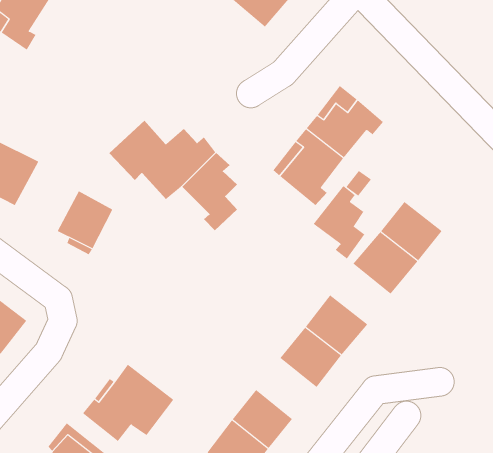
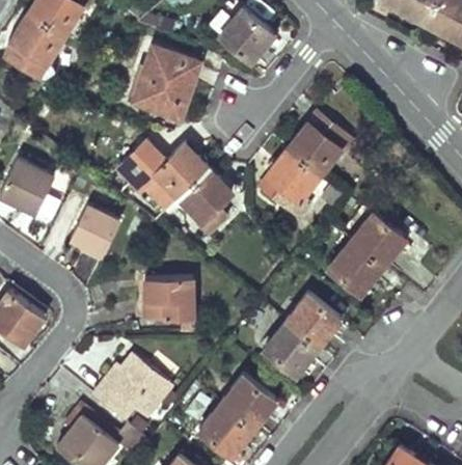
building: none -> [134,48,198,118]
building: [313,185,365,259] -> none
building: none -> [131,281,192,323]

